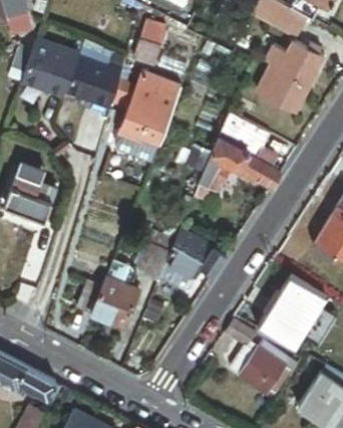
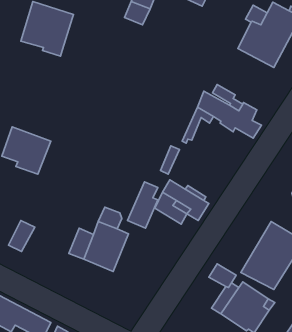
building: [69,57,122,109] -> none
building: [119,72,182,142] -> none

